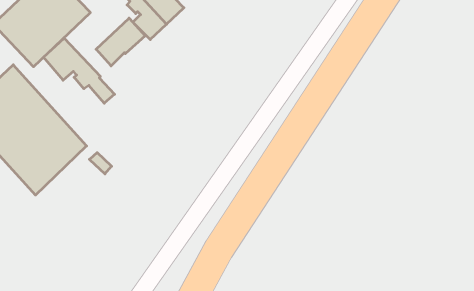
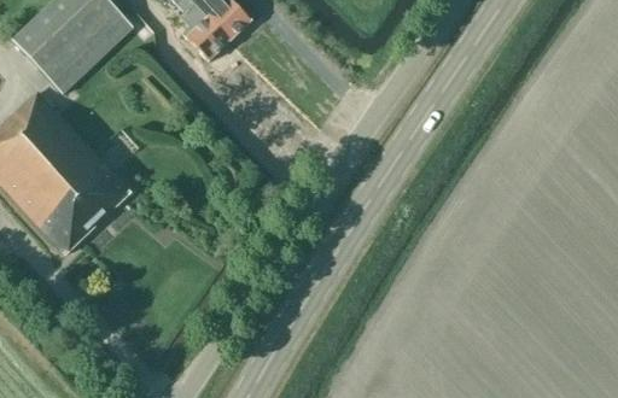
building: [96,18,145,66] -> none
building: [43,38,115,103] -> none

